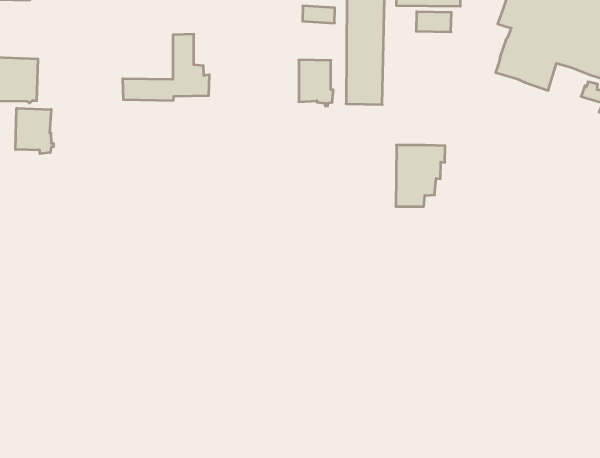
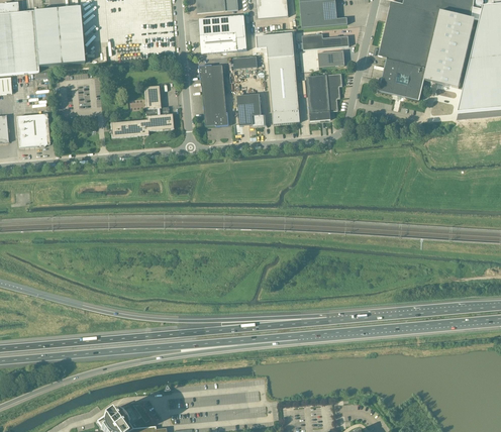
building: none -> [200,65,227,126]
building: [16,108,54,154] -> none
building: [396,145,445,206] -> [306,74,342,121]

